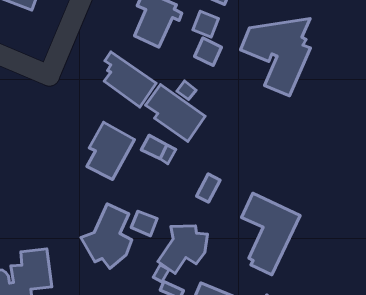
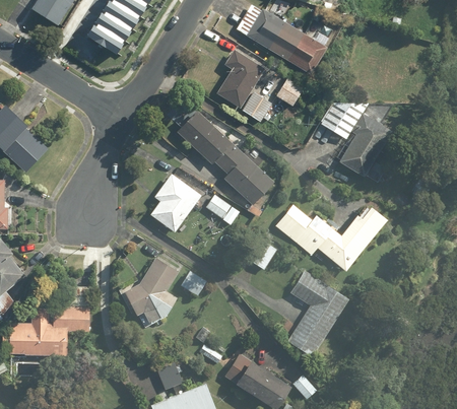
building: [194,38,221,66] -> [240,93,268,123]
building: none -> [271,205,384,272]
building: [158,226,208,274] -> none

